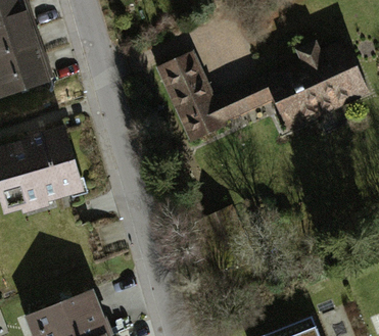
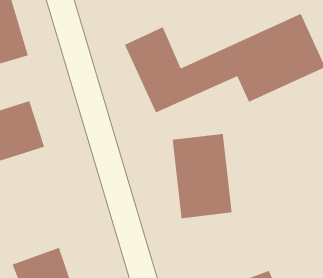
building: none -> [172,133,232,219]

